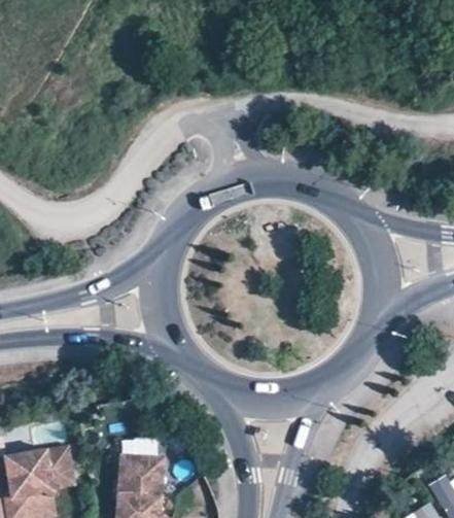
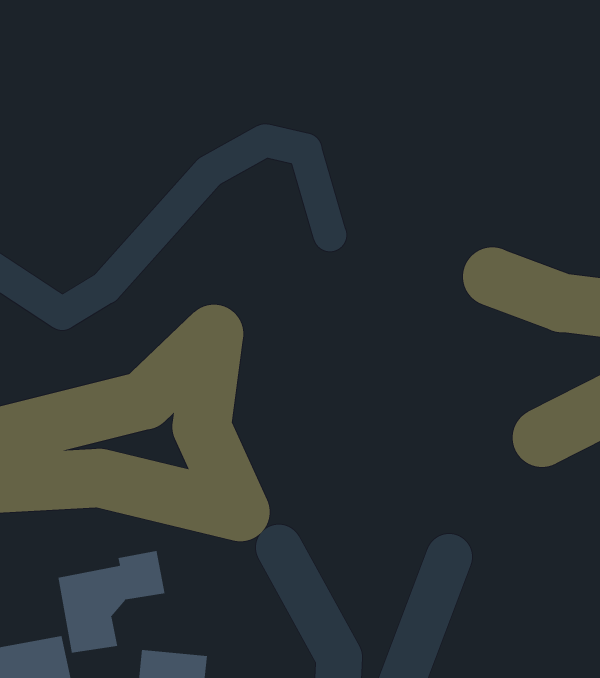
building: none -> [58,550,165,654]

